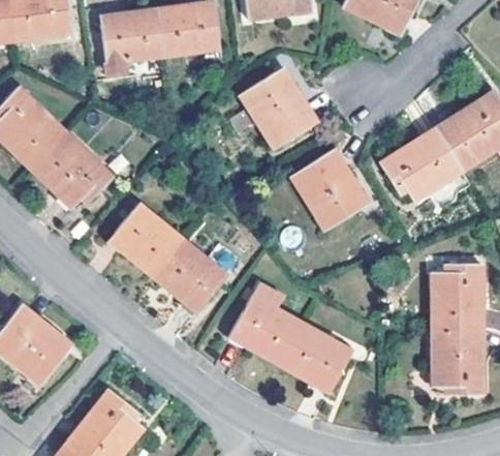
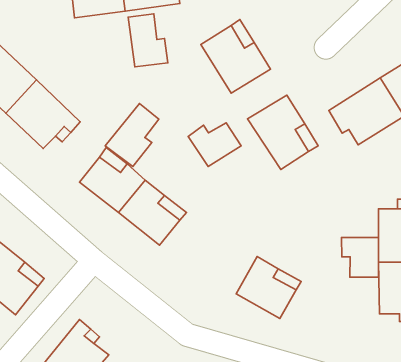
building: none -> [128,14,168,67]
building: none -> [105,104,159,166]
building: none -> [188,123,241,166]
building: [230,283,303,363] -> none
building: none -> [341,238,378,277]

